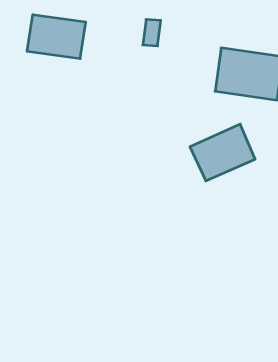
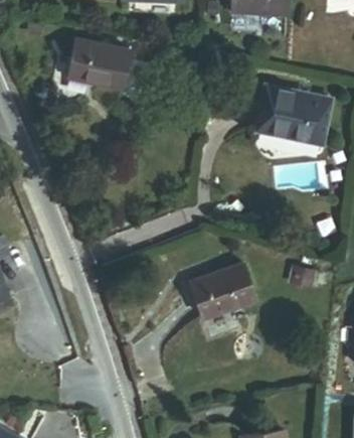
building: [190,124,255,181] -> [192,261,258,317]

